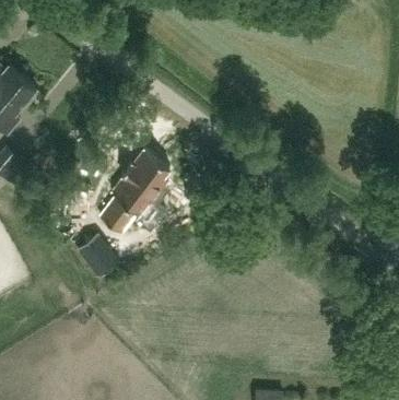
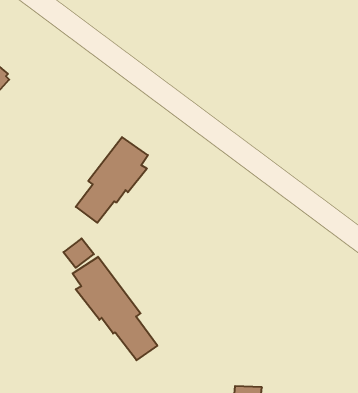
building: none -> [73,257,157,360]

